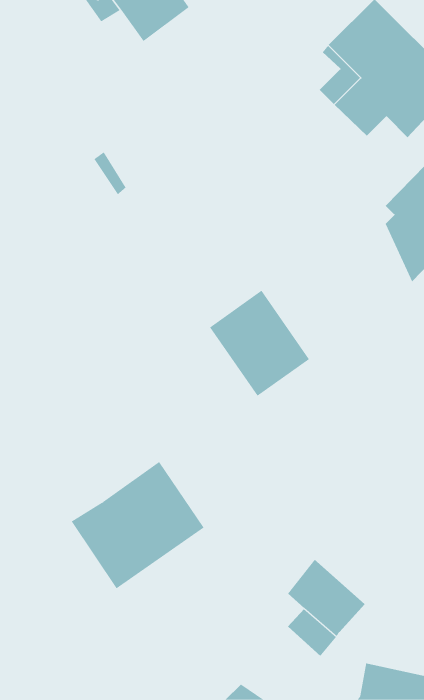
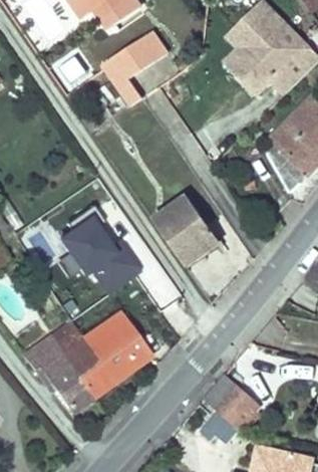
building: none -> [101,31,167,106]
building: none -> [59,206,142,293]
building: none -> [23,319,92,411]

